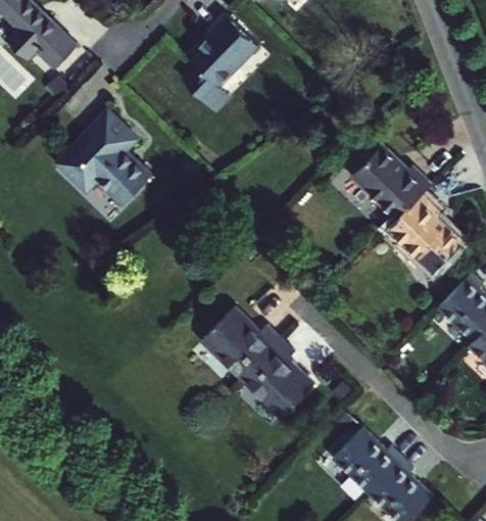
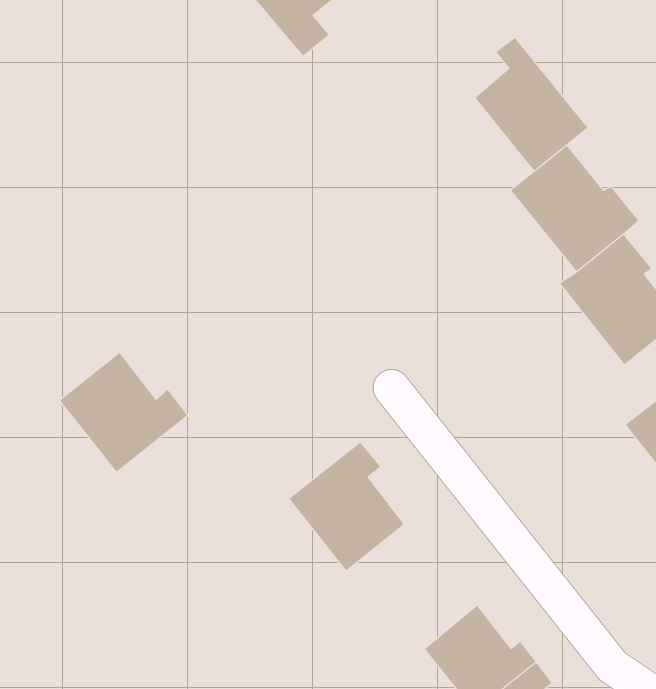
building: none -> [474,37,588,171]
building: [57,110,152,205] -> none
building: [202,306,281,379] -> [59,352,188,472]

